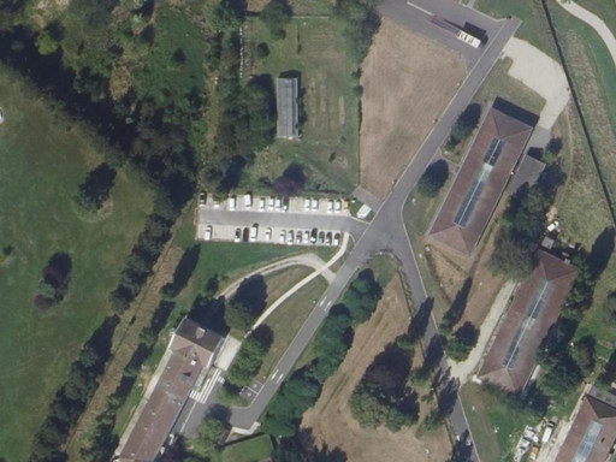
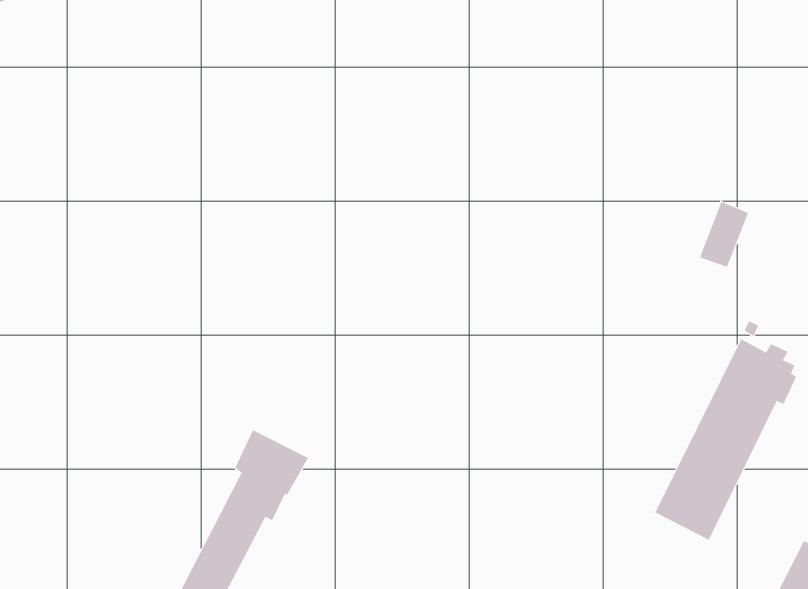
building: [276,77,297,136] -> none
building: [430,109,531,254] -> none

